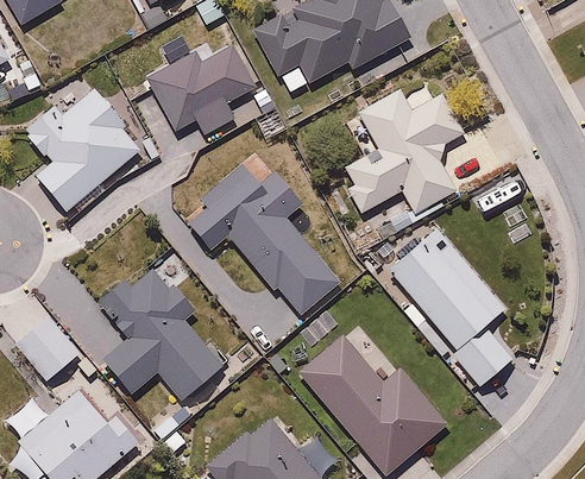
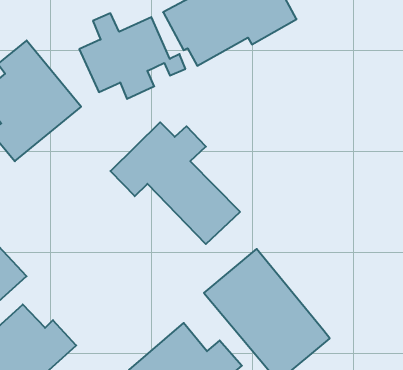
building: [345,87,463,212] -> none
building: [384,221,514,390] -> none
building: [93,264,224,403] -> none

